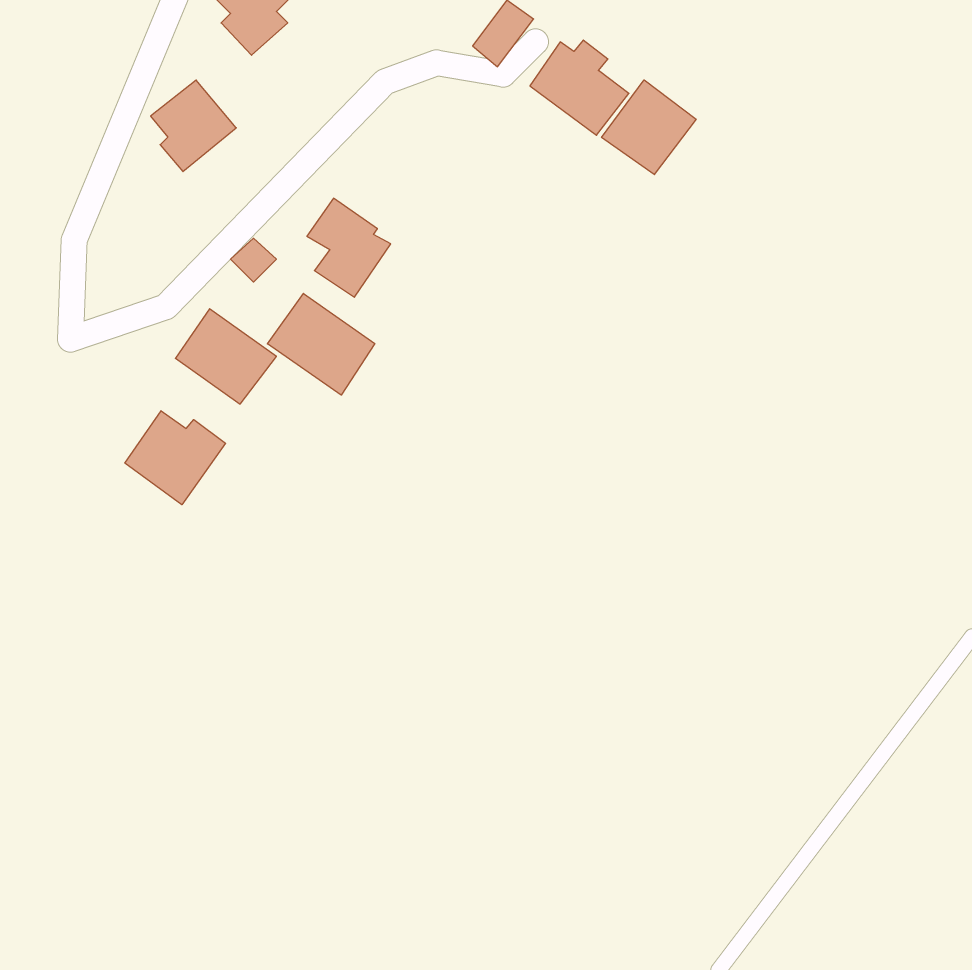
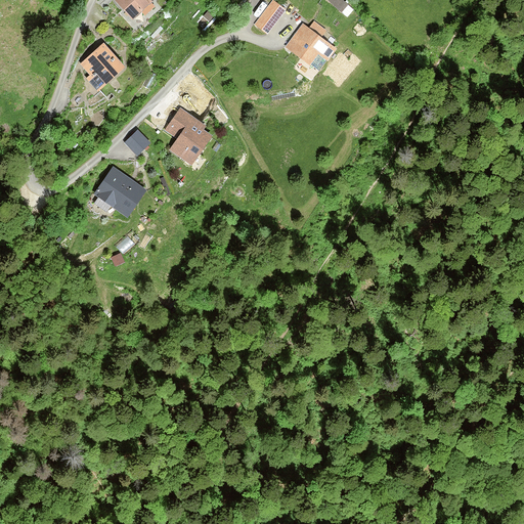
building: [602,80,696,175] -> none
building: [267,293,375,395] -> none
building: [125,411,226,505] -> none

